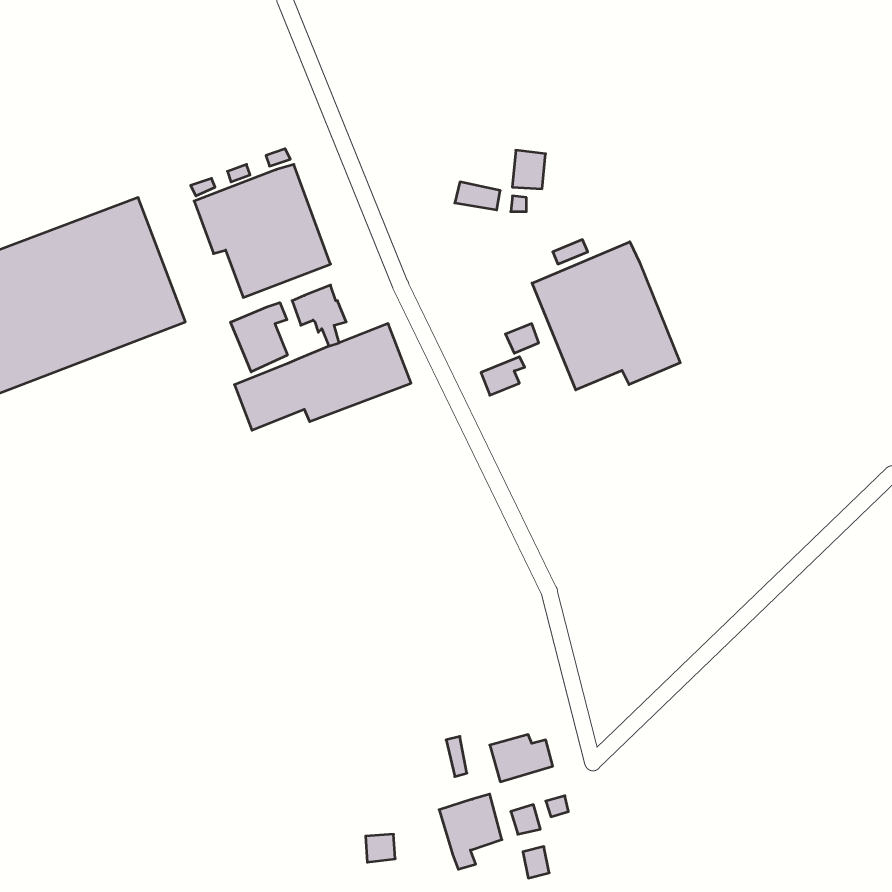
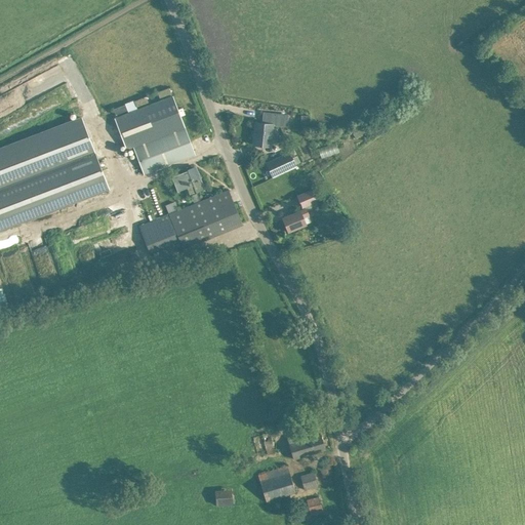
building: [512,150,546,189] -> [252,124,272,147]
building: [532,242,680,390] -> none
building: none -> [265,153,295,178]
building: [231,303,287,372] -> none

